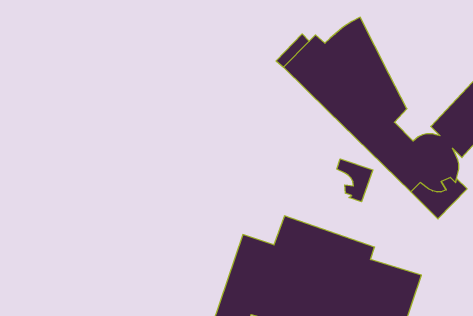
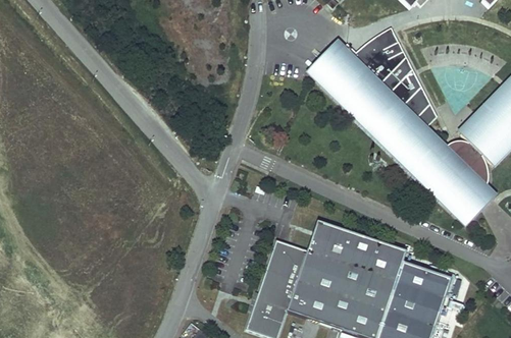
building: [337,159,373,202] -> none

